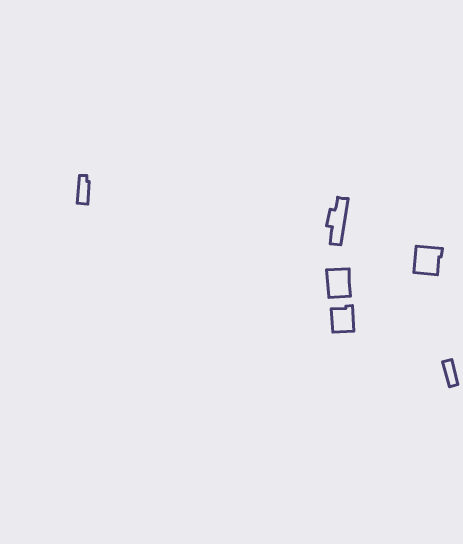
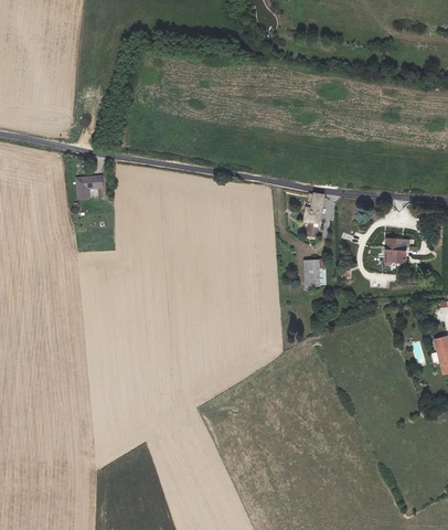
building: [331,305,354,332] -> none

